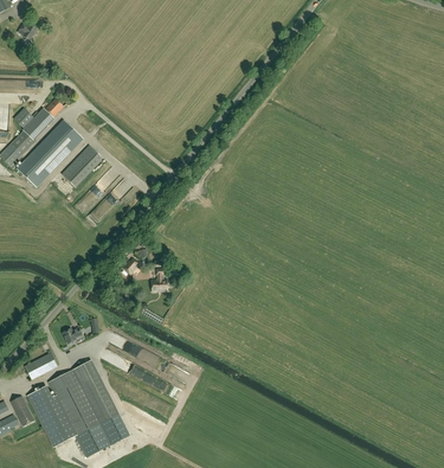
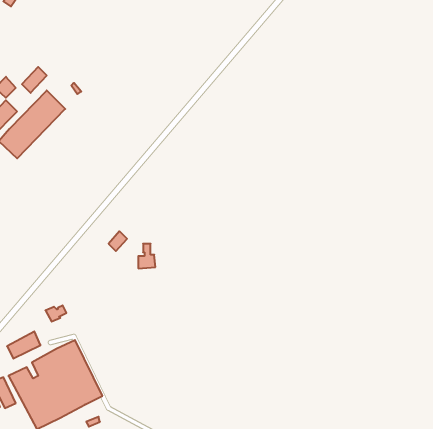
building: [62,145,103,187] -> none

